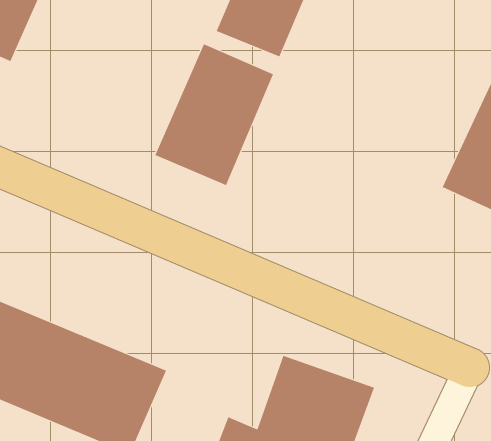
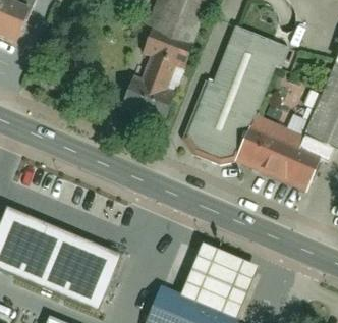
building: none -> [185,25,279,157]
building: none -> [244,127,328,189]

